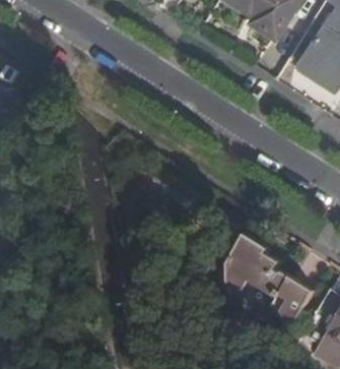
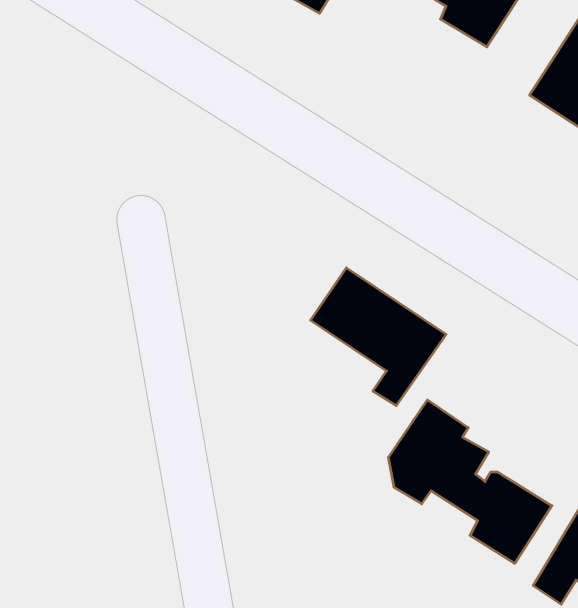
building: none -> [311,268,446,406]

